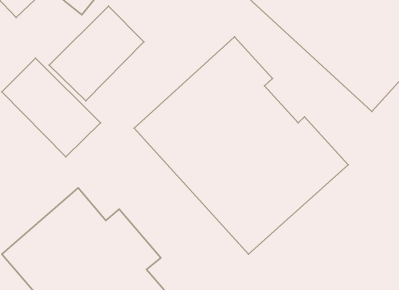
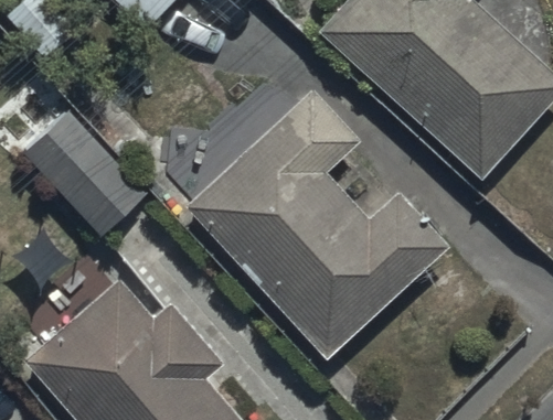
building: [49,6,144,101] -> none

